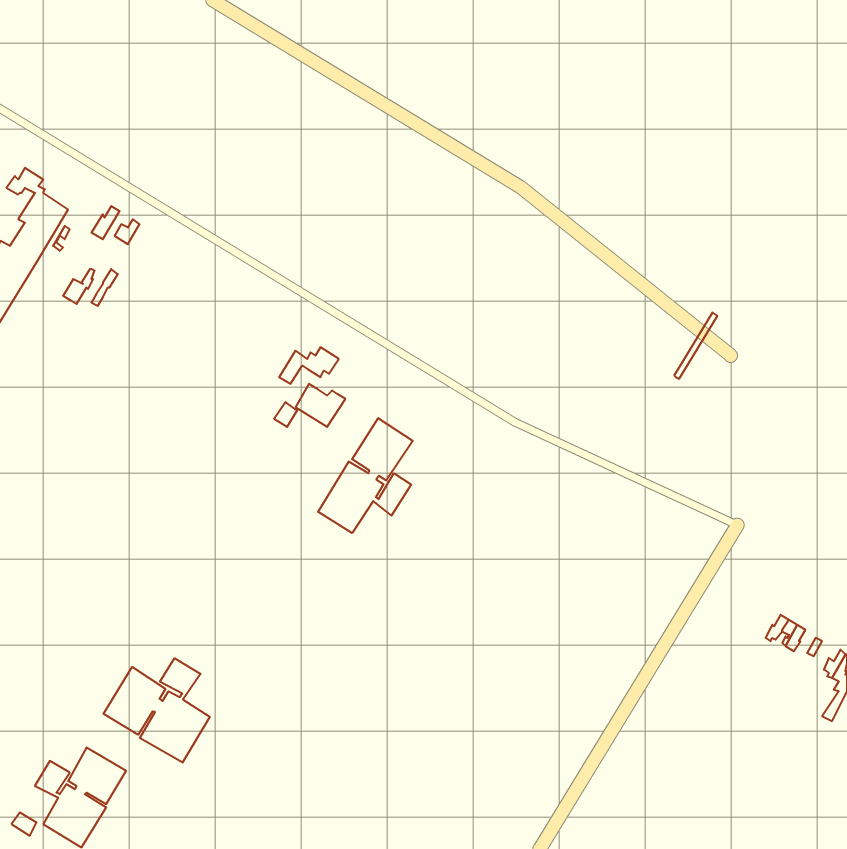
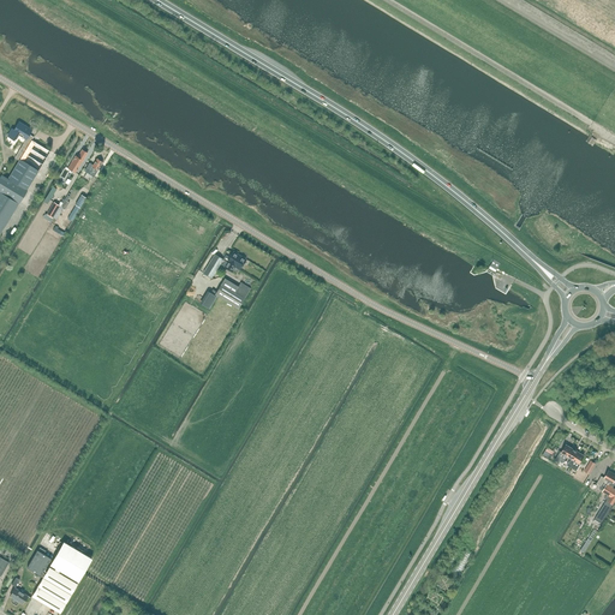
building: [318,418,413,533] -> none
building: [103,658,210,763] -> none

